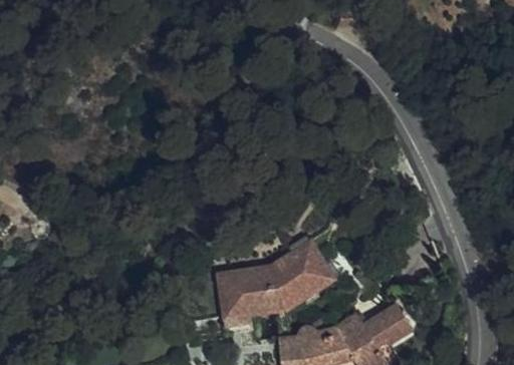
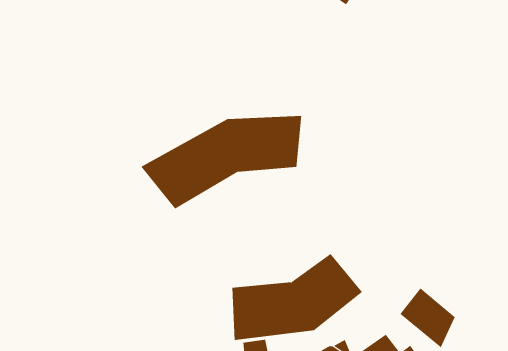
building: none -> [141,115,302,210]

